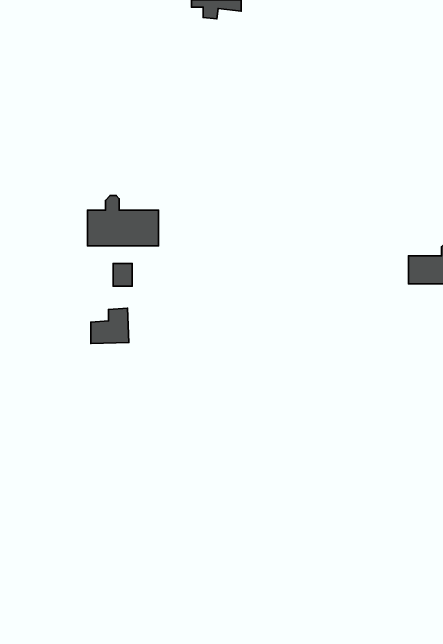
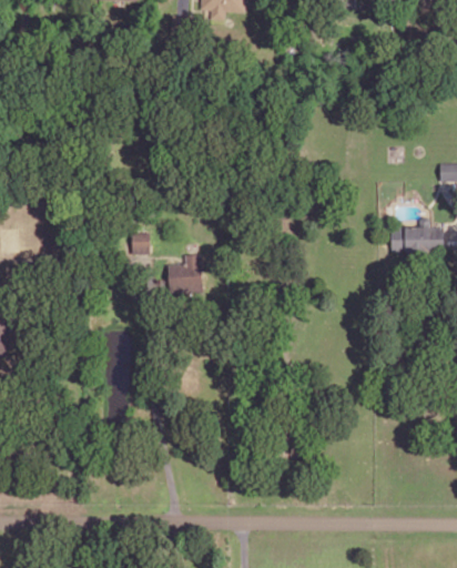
building: [87,195,158,246] -> none
building: [91,308,129,344] -> [169,254,202,285]

